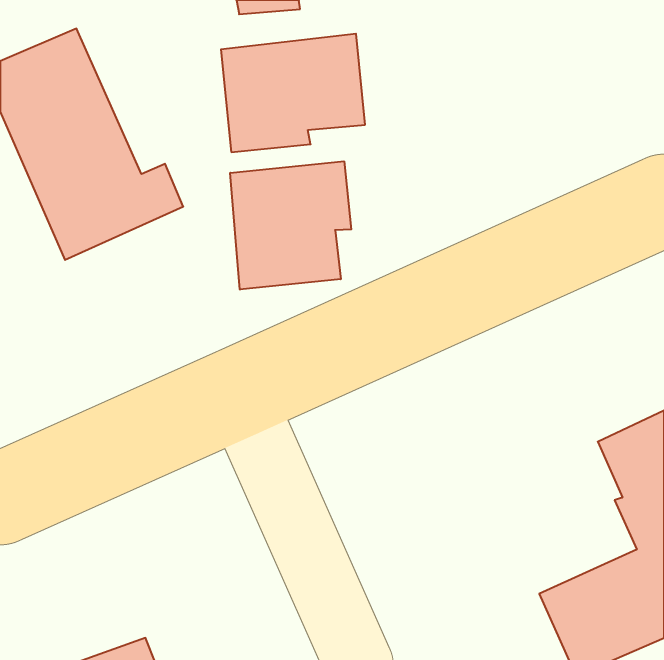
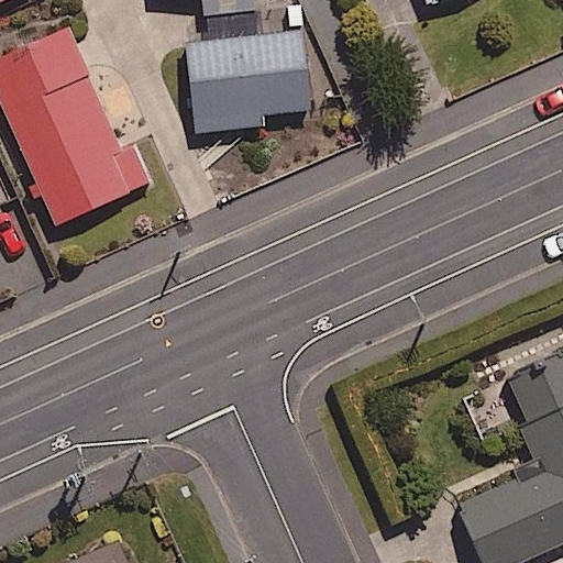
building: [230,161,351,290] -> none

